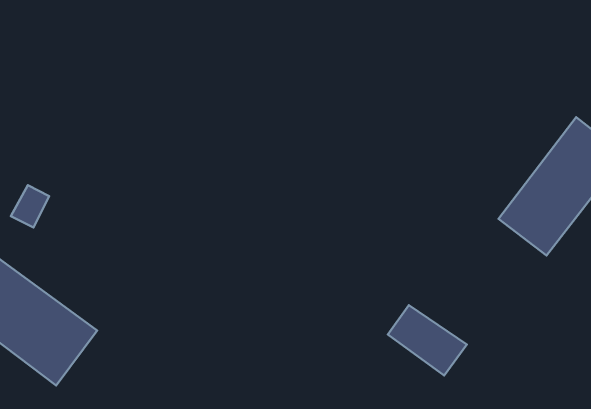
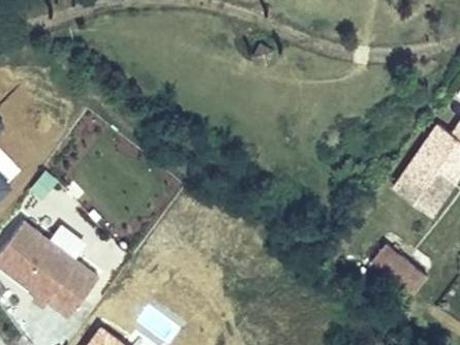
building: [388,305,467,376] -> [368,244,426,295]

